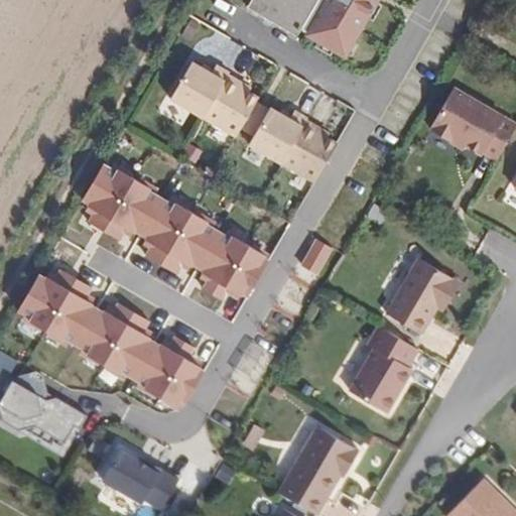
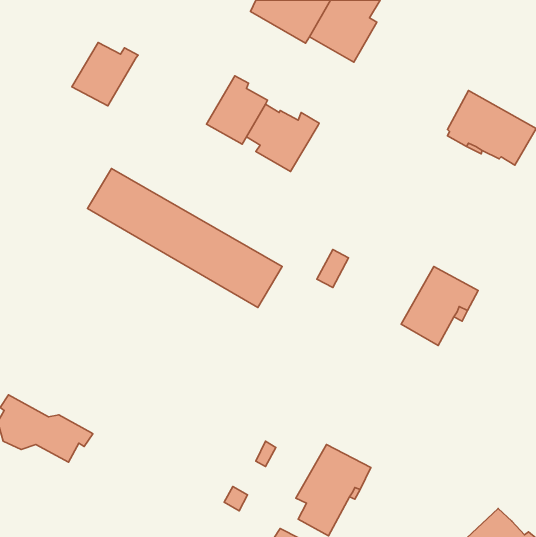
building: [163,59,227,120] -> [72,43,138,106]
building: [278,121,336,183] -> none
building: [21,273,207,407] -> none
building: [347,325,414,410] -> none
building: [97,438,181,508] -> none

